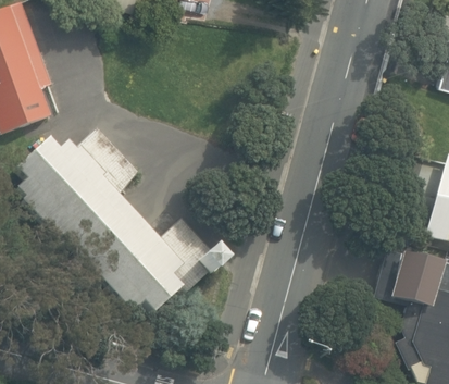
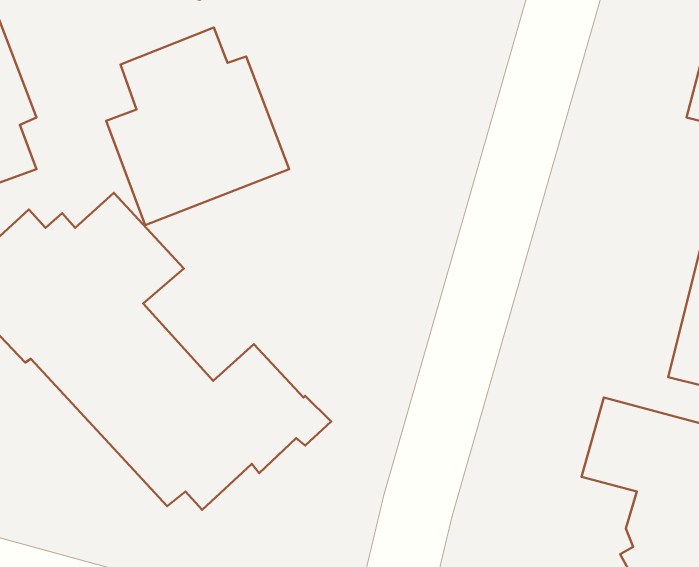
building: none -> [106,27,289,225]

